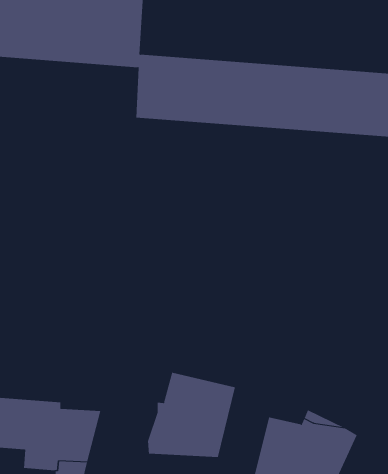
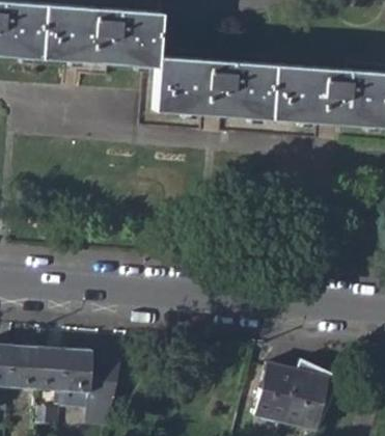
building: [147,372,235,458] -> none

